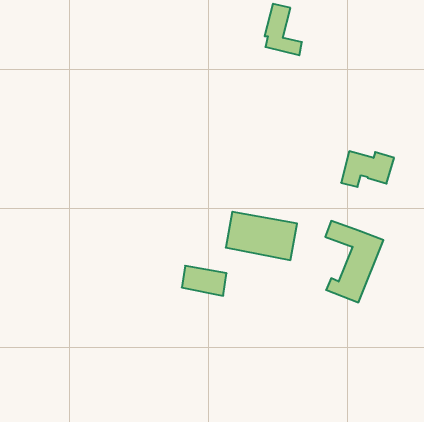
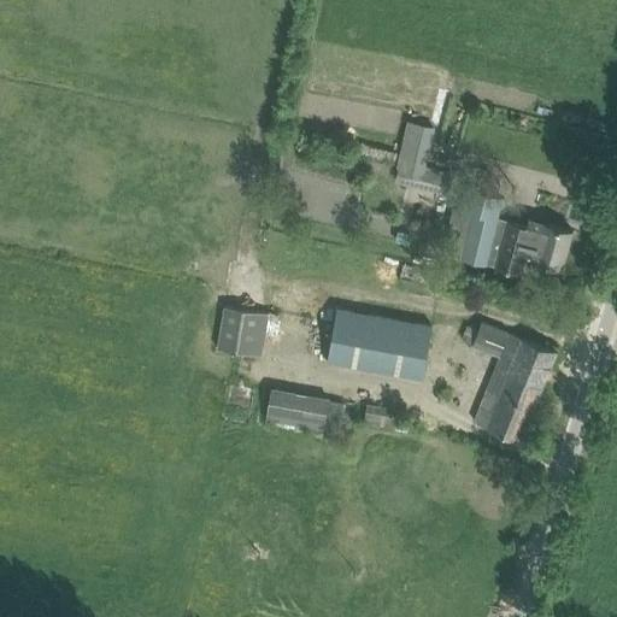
building: [265,4,302,55] -> [395,123,449,198]
building: none -> [442,192,503,268]
building: none -> [217,308,269,358]

